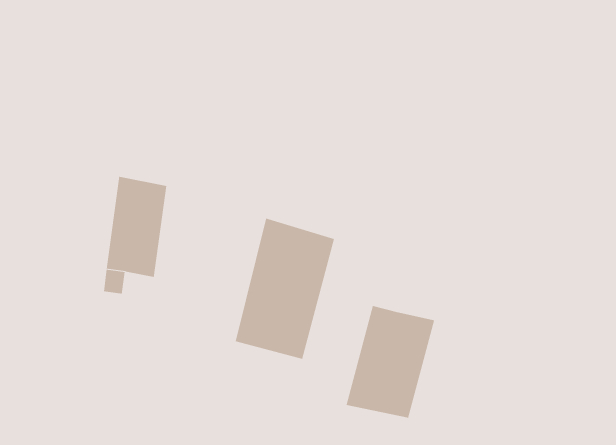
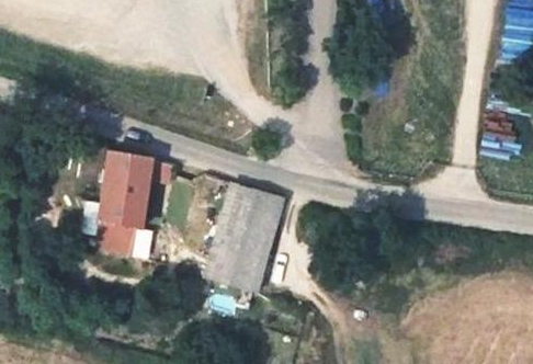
building: [346,305,435,419] -> none

